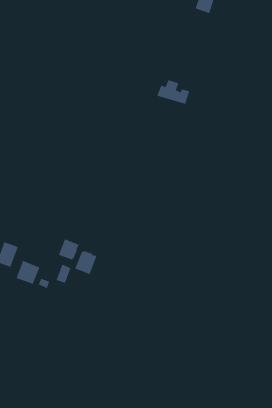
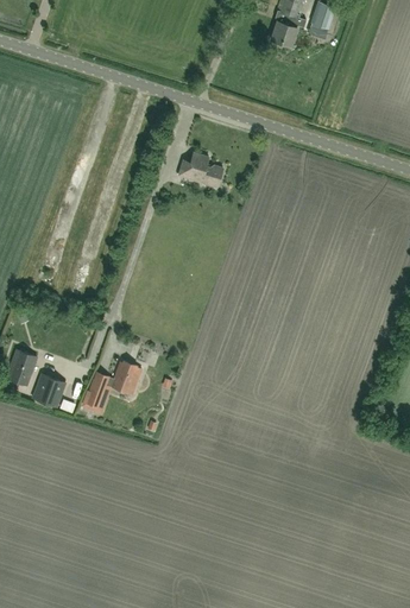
building: [156,79,190,105] -> [178,152,223,186]
building: [58,238,80,260] -> none

